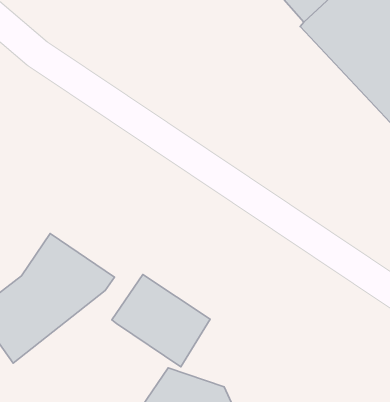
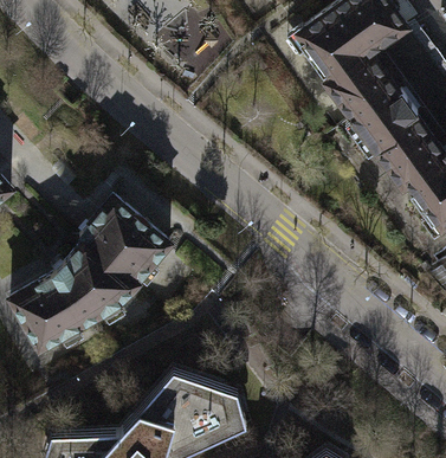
building: [112,275,210,367] -> [84,200,170,285]

